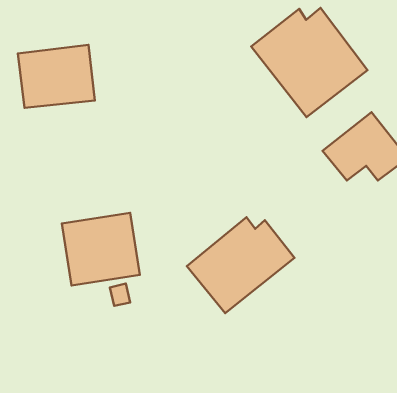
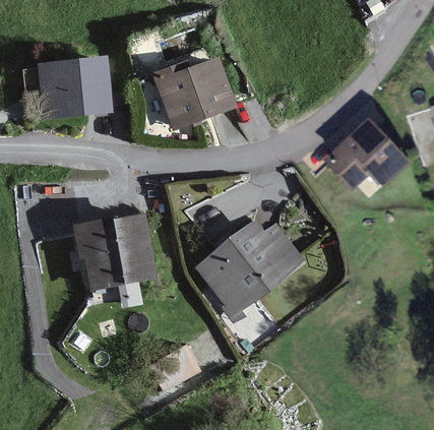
building: [251,8,368,117] -> none
building: none -> [153,48,233,126]

